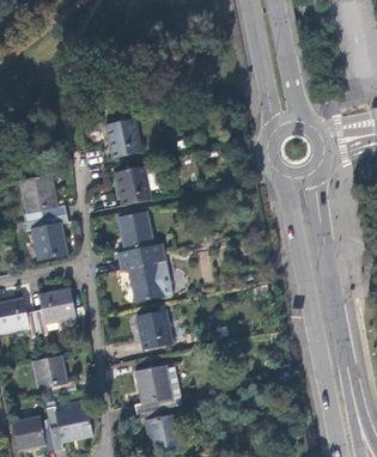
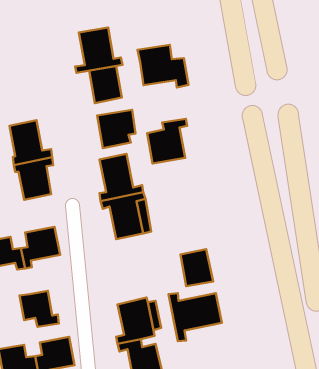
building: none -> [75,27,123,73]
building: none -> [138,45,188,87]
building: none -> [147,119,187,163]
building: [138,309,172,348] -> [180,249,213,286]
building: none -> [169,293,222,341]

